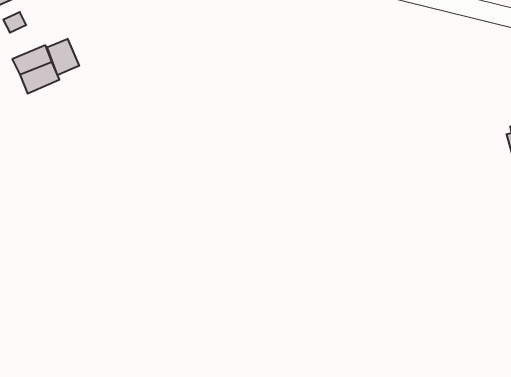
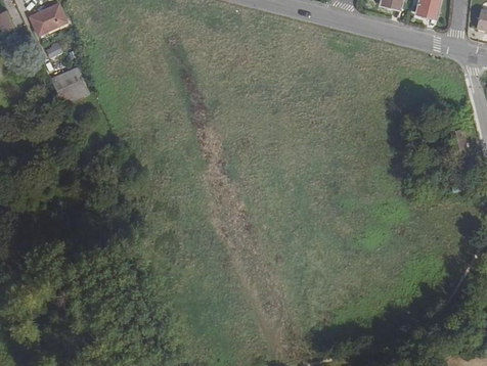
building: [47,39,79,75] -> none

